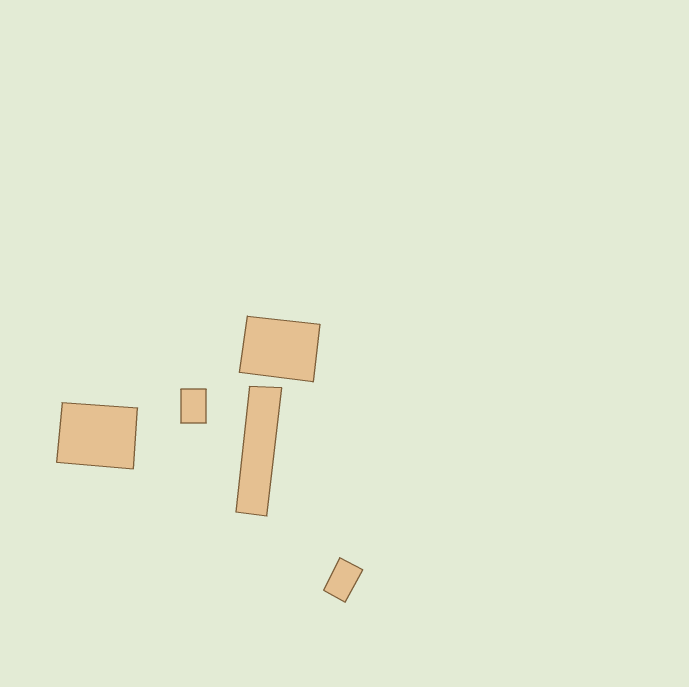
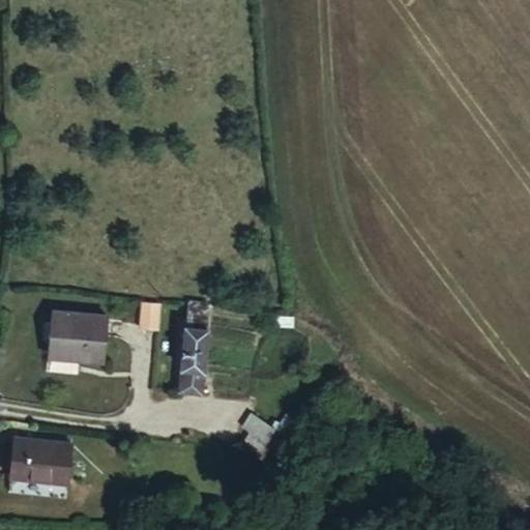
building: [239,316,320,382] -> none
building: none -> [8,443,64,485]

